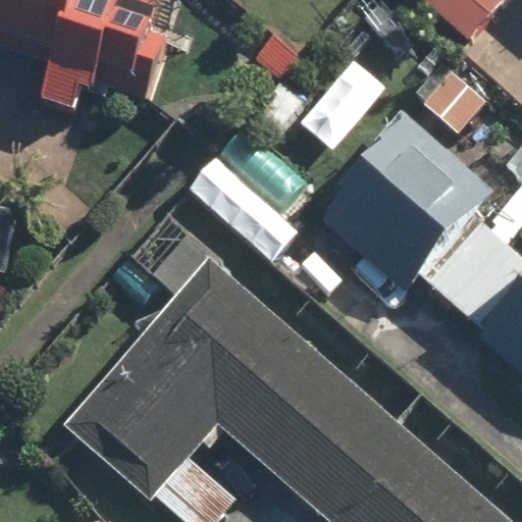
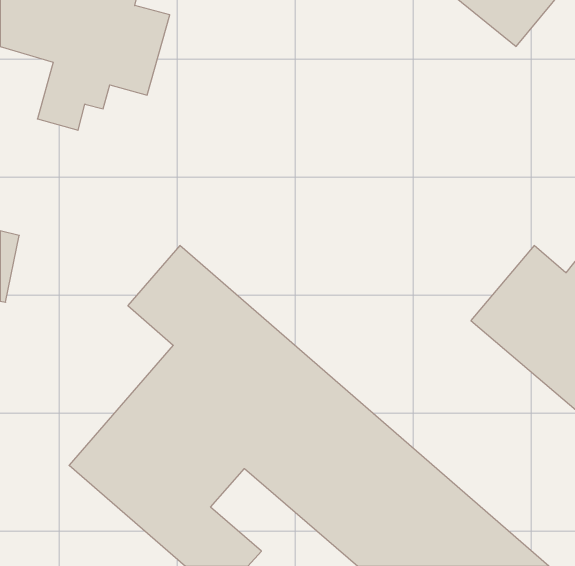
building: [319,114,499,295] -> none
building: [191,153,315,263] -> none

